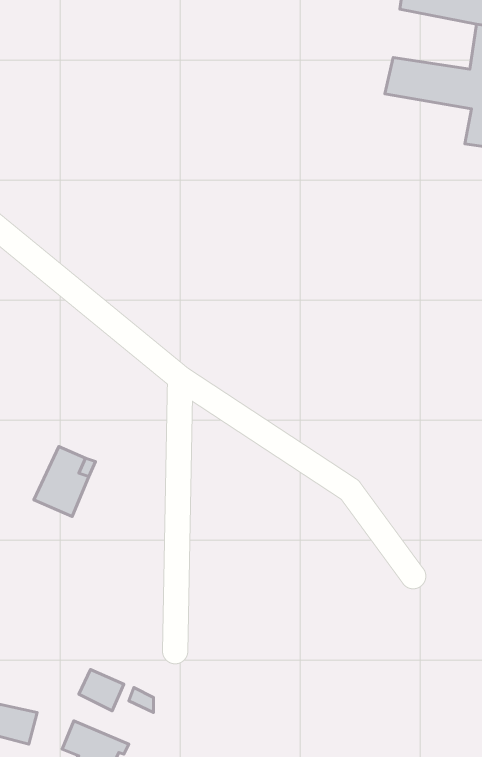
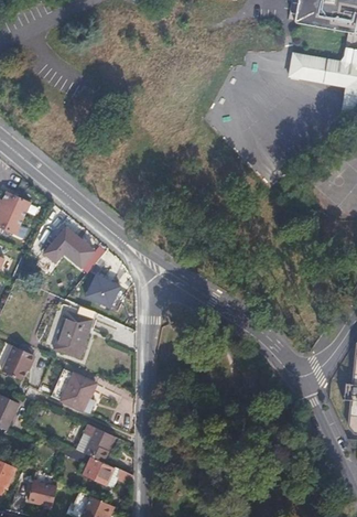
building: none -> [53,227,94,267]
building: none -> [85,274,120,306]
building: none -> [52,368,89,407]
building: none -> [83,422,112,462]

